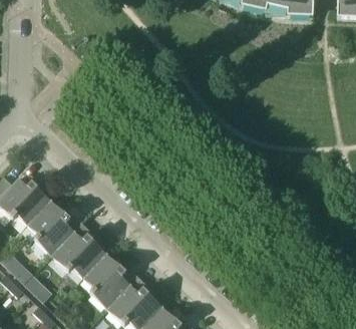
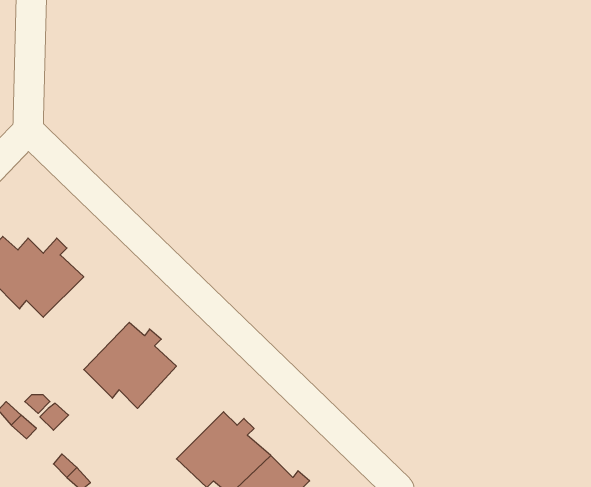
building: [28,200,79,255] -> none
building: [84,253,135,308] -> none

